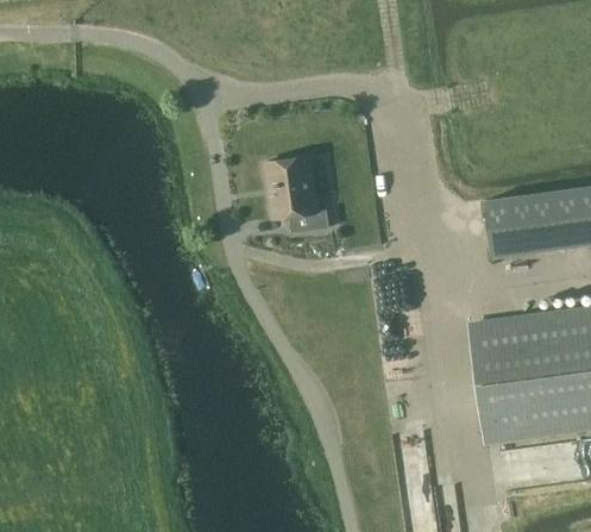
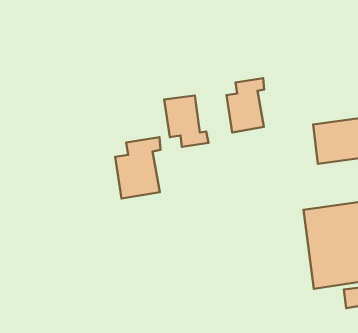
building: none -> [226,78,264,132]
building: none -> [115,137,161,198]

